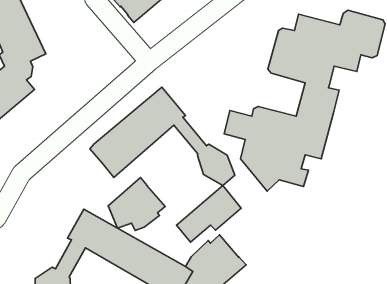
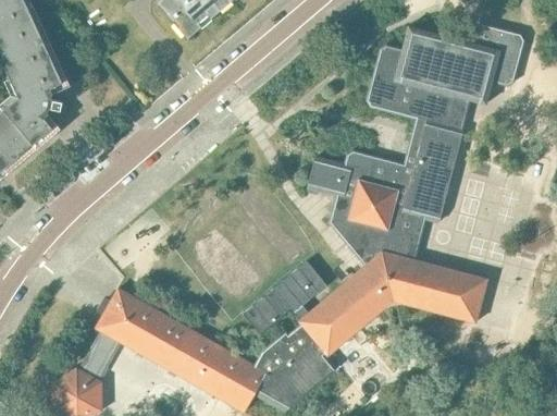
building: [90,87,235,186] -> none
building: [108,177,165,230] -> none
building: none -> [299,250,487,355]

